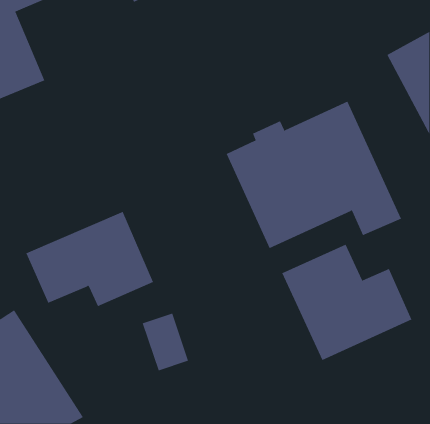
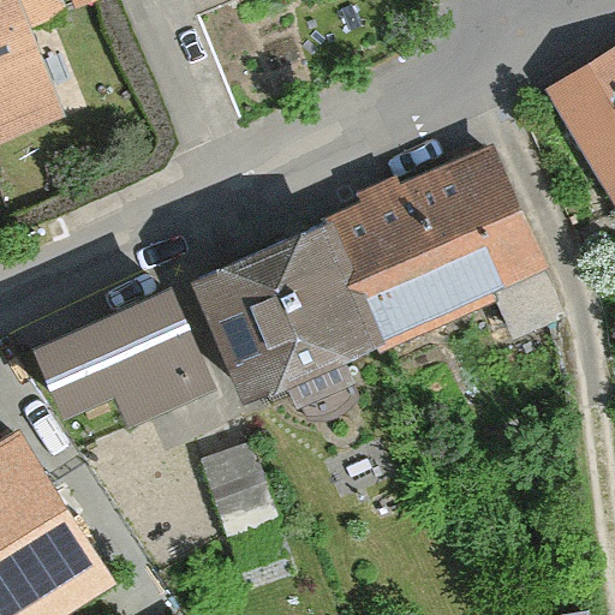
building: none -> [189,216,378,416]
building: [281,244,412,361] -> none

